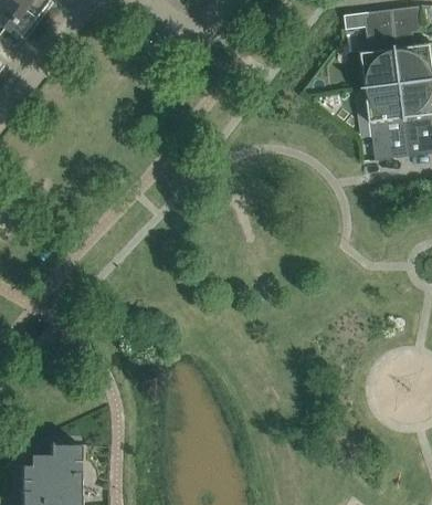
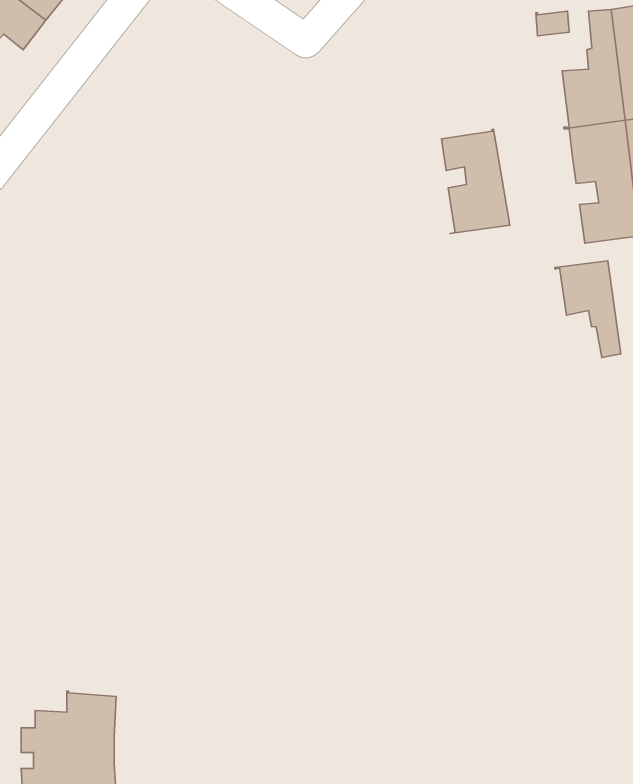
building: none -> [441,129,510,234]
building: none -> [555,261,621,357]

